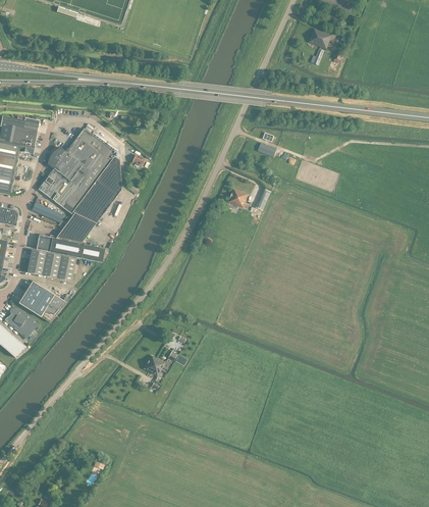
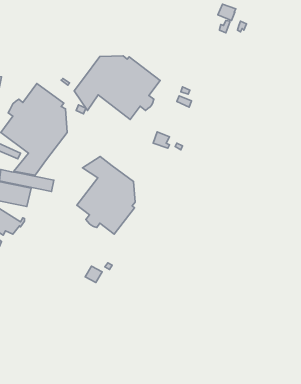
building: none -> [74,56,160,119]
building: none -> [77,157,135,234]

